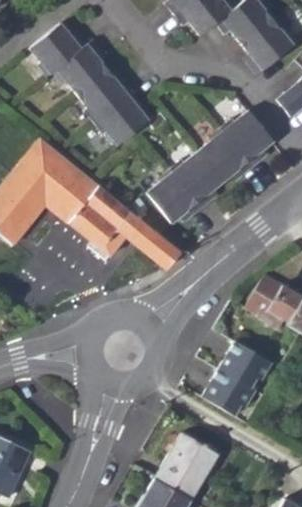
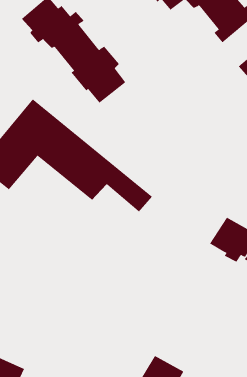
building: [153,112,279,226] -> none
building: [201,341,271,416] -> none

